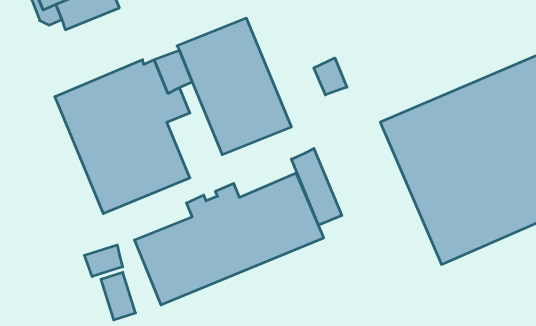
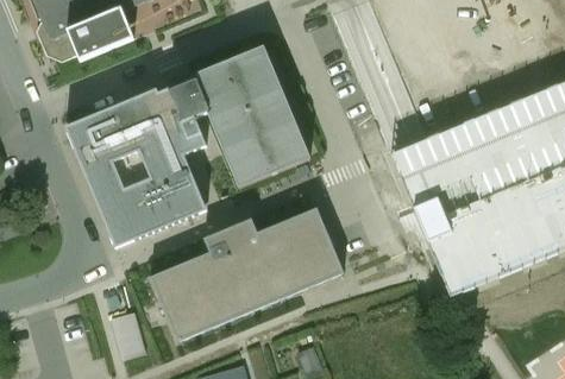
building: [314,58,347,95] -> none
building: [291,148,342,225] -> none
building: [84,245,123,277] -> none

